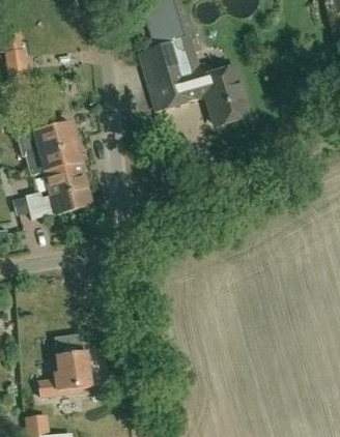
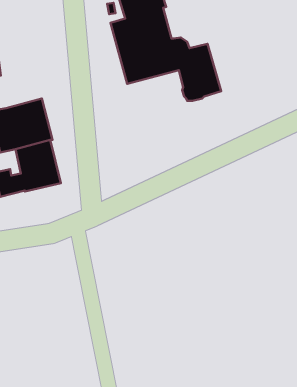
building: [38,337,91,396] -> none

